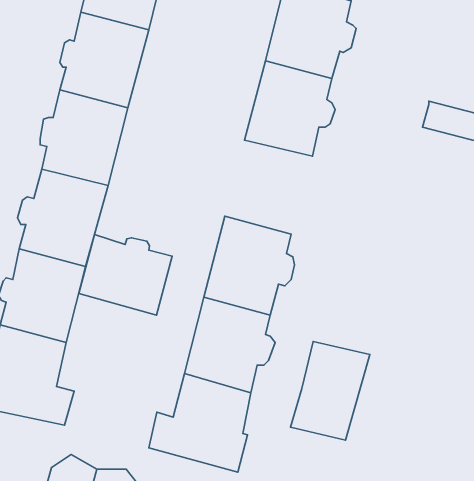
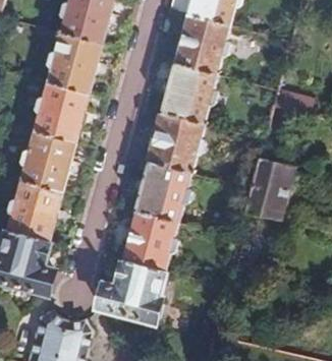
building: none -> [149,115,206,174]
building: [79,235,172,315] -> none
building: [291,341,370,440] -> [244,161,294,223]

